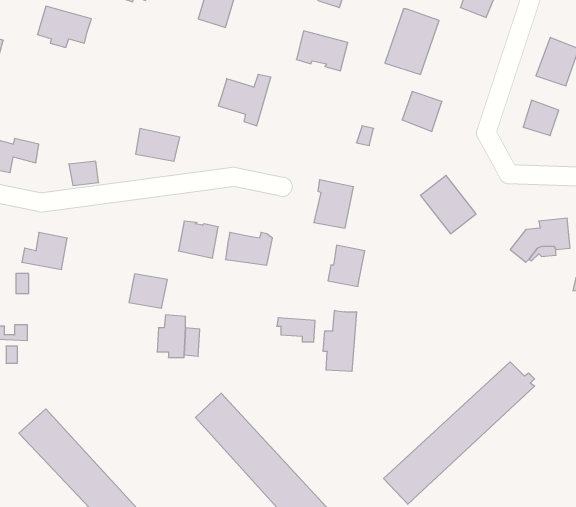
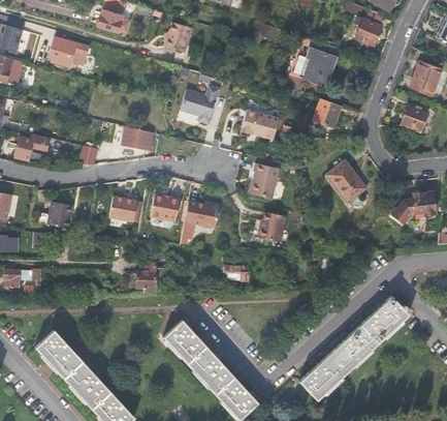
building: [296,31,348,71] -> [240,111,277,140]
building: [129,274,167,308] -> [108,196,136,220]
building: [323,310,357,371] -> none

